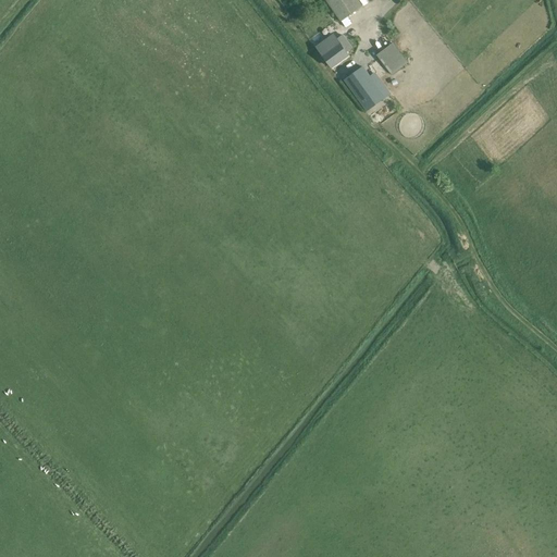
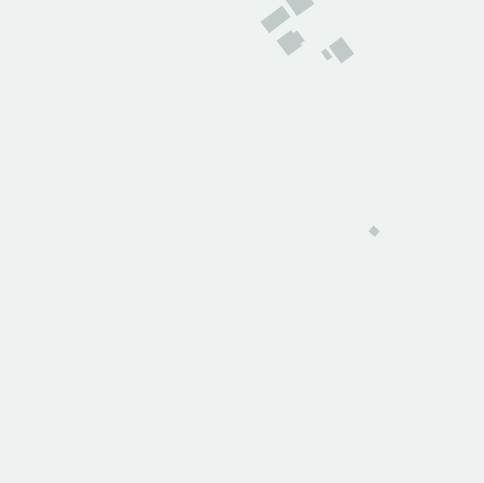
building: none -> [260,5,292,34]
building: [344,65,385,110] -> none

